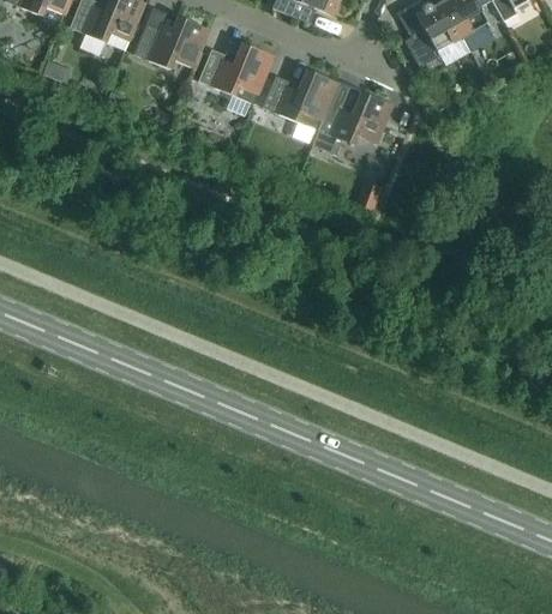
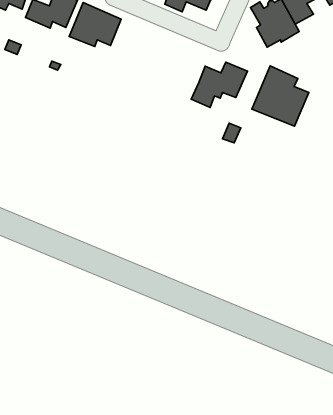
building: [198,42,274,103] -> none
building: [263,68,337,122] -> none
building: none -> [252,66,309,126]

